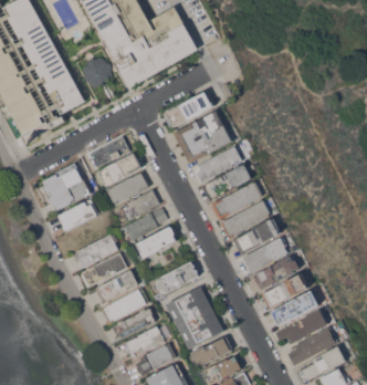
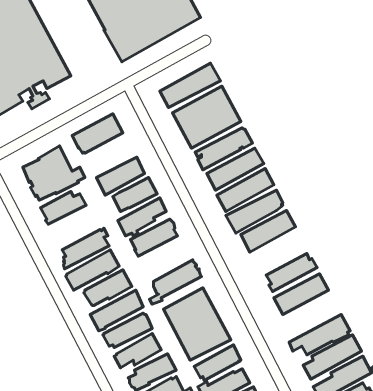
building: [83,59,112,87] -> none
building: [98,154,141,187] -> none
building: [243,238,287,273] -> none
building: [271,292,319,326] -> none

